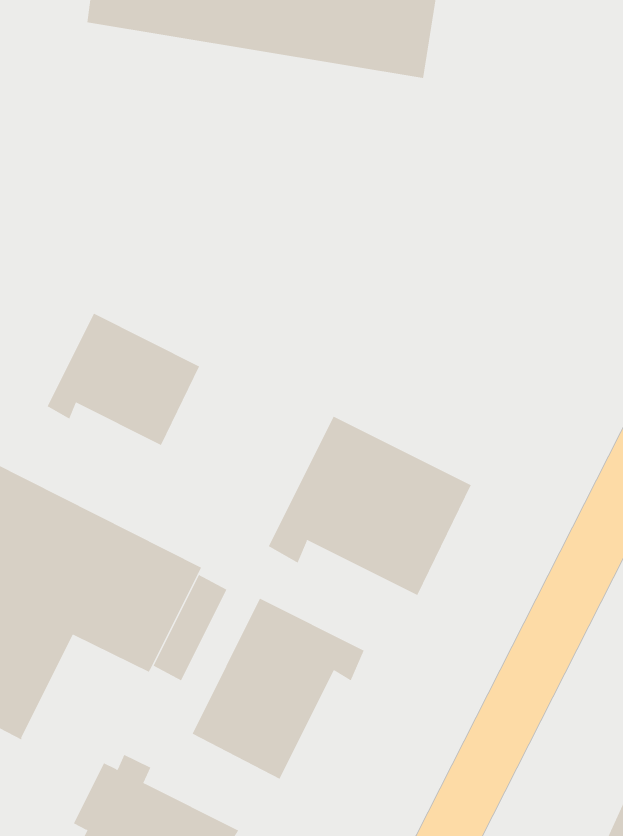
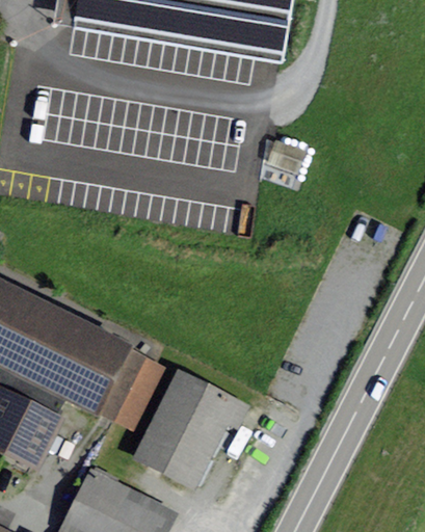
building: [47,313,200,446] -> none
building: [268,416,471,596] -> none

